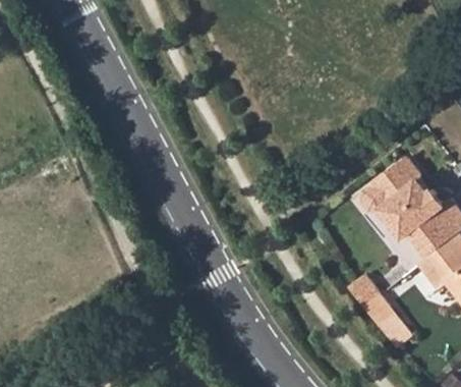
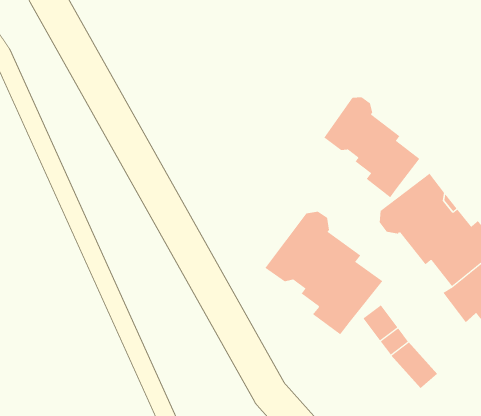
building: none -> [323,97,420,198]
building: none -> [264,211,383,335]

